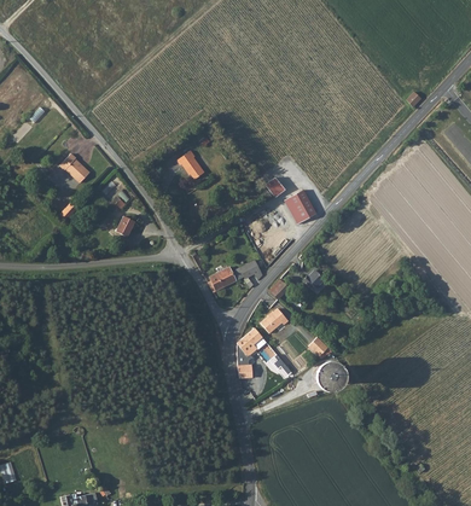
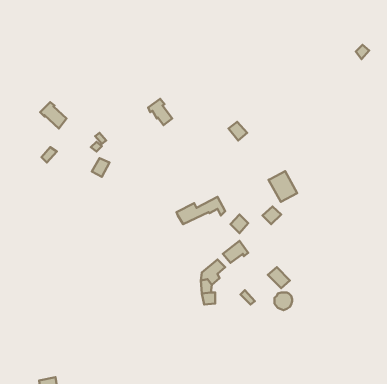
building: [284,190,315,223] -> [269,171,297,202]

